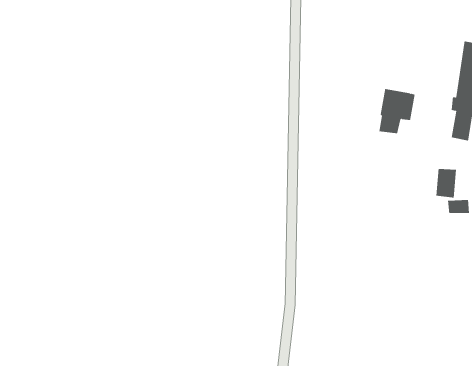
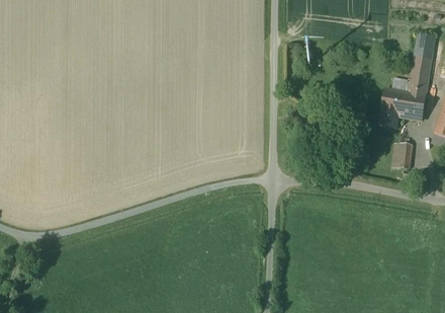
building: [379,88,416,134] -> [379,90,411,129]

